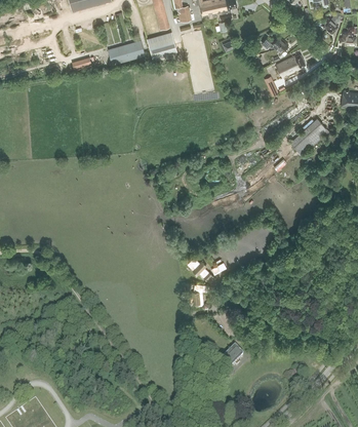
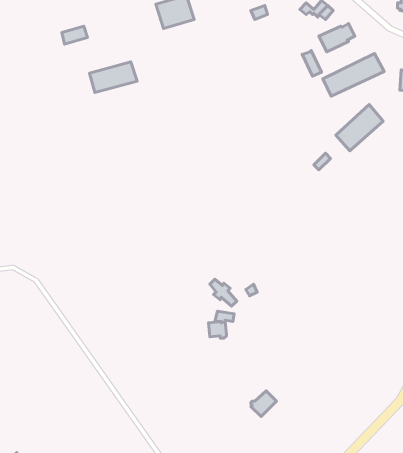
building: [108,39,146,64] -> [90,62,137,93]
building: none -> [323,54,384,96]

